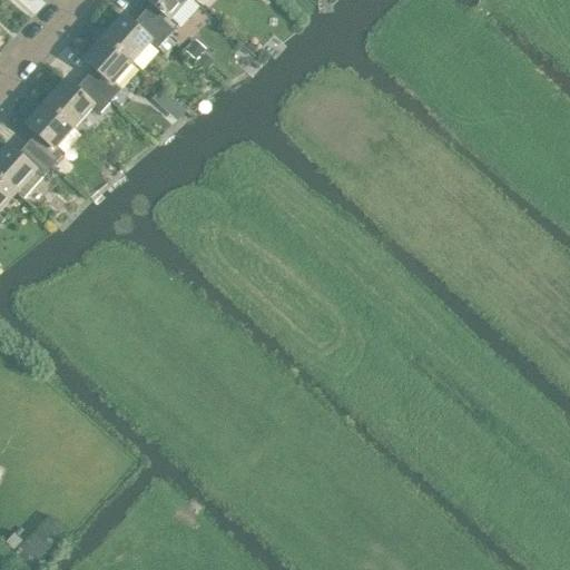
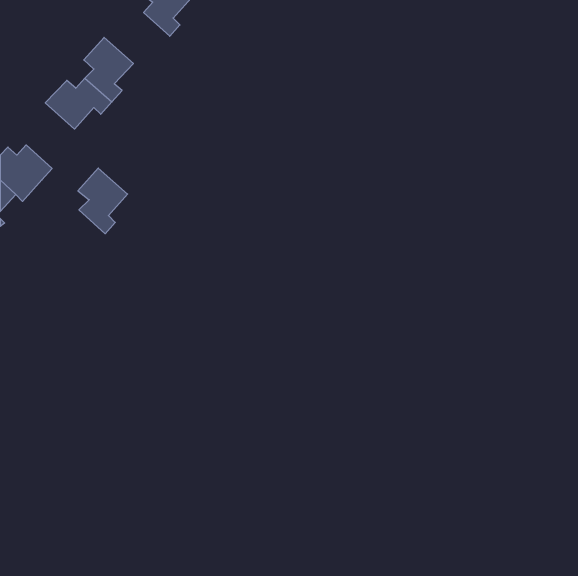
building: [102,12,167,62] -> none
building: [24,101,73,166] -> [78,168,128,234]

